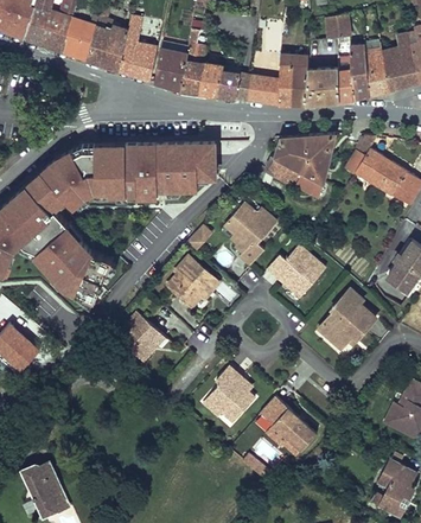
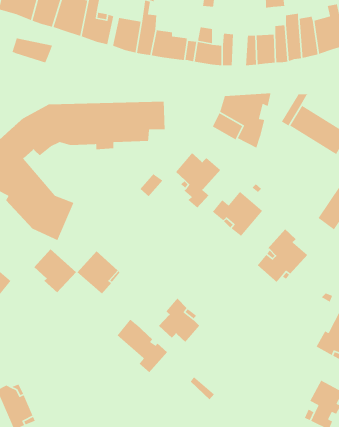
building: [280,55,308,104] -> none
building: none -> [12,37,53,63]
building: [167,256,219,307] -> none
building: none -> [33,248,77,293]
building: [259,395,317,457] -> [117,319,168,373]

